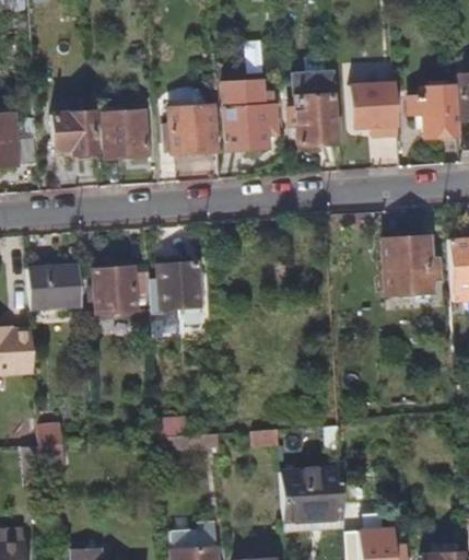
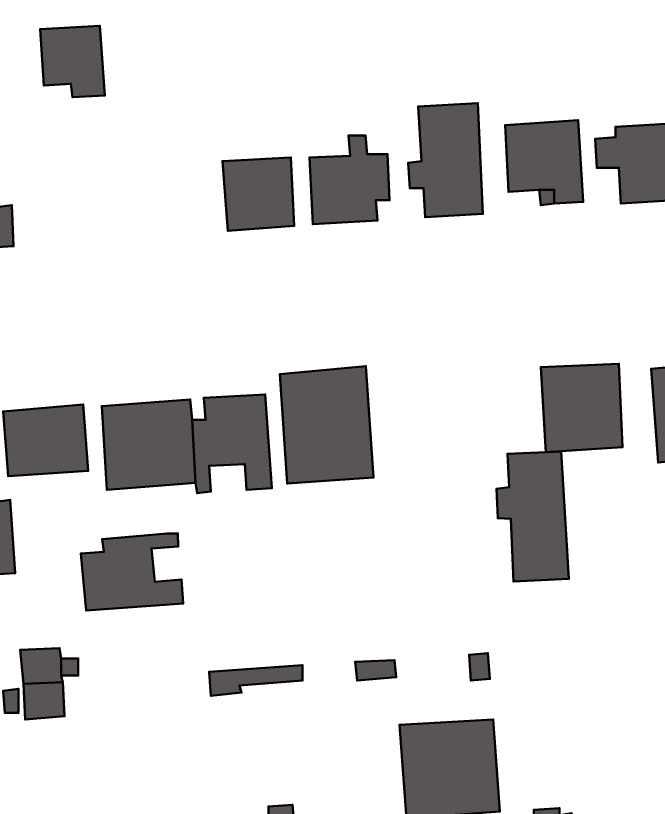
building: [104,109,150,158] -> none
building: [54,110,95,156] -> [40,26,105,97]
building: none -> [280,366,374,483]
building: none -> [497,452,569,582]
building: none -> [81,533,183,611]

